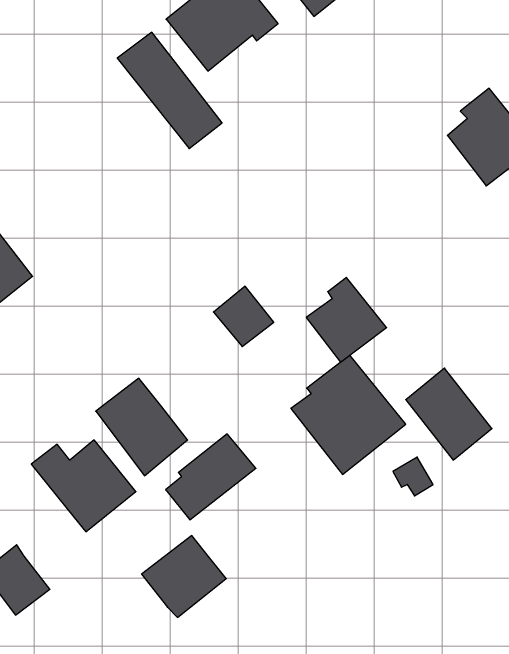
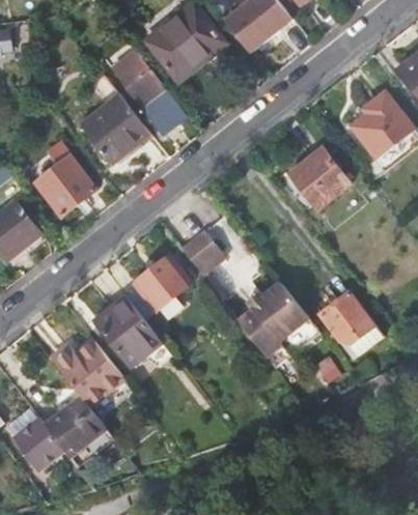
building: none -> [81,94,147,164]
building: none -> [33,143,95,216]
building: [306,277,387,362] -> [295,149,353,210]
building: [166,434,256,520] -> [126,257,191,319]
building: [142,536,226,617] -> [44,399,105,458]

